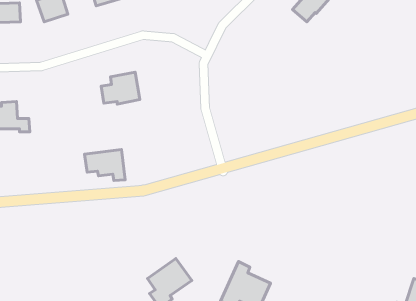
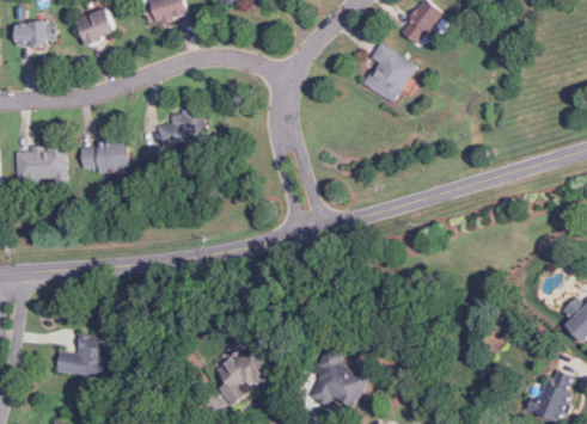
building: none -> [362,42,417,103]
building: [84,149,125,181] -> [79,140,130,179]
building: none -> [55,333,110,377]

